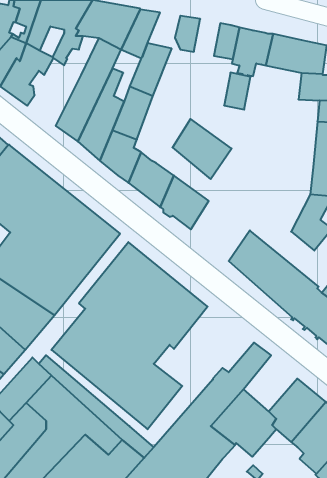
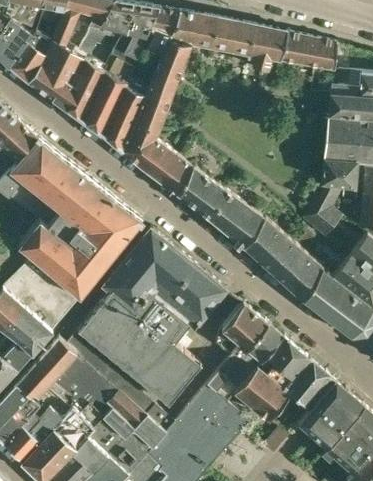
building: none -> [168,13,199,48]
building: none -> [54,56,105,120]
building: [224,73,251,110] -> [212,19,237,54]
building: [172,119,232,179] -> [209,191,265,248]
building: none -> [215,306,269,360]
building: none -> [259,337,310,390]

